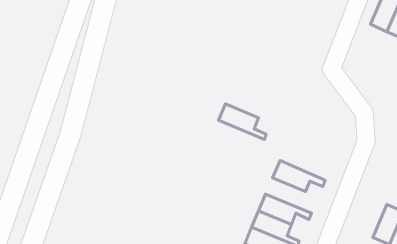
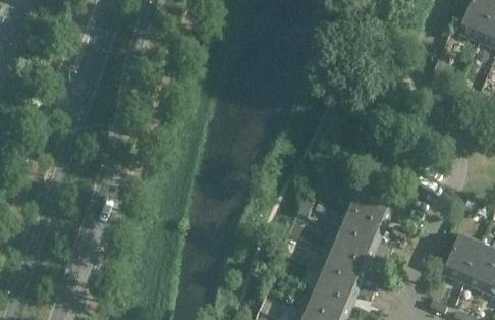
building: [219,104,266,139] -> [336,210,392,252]
building: none -> [443,233,479,280]

